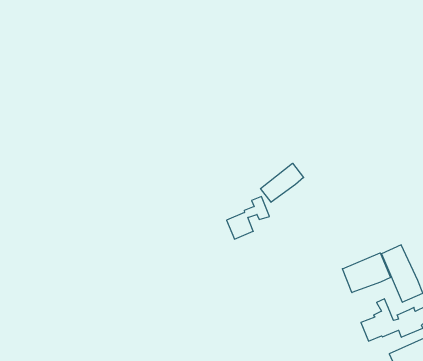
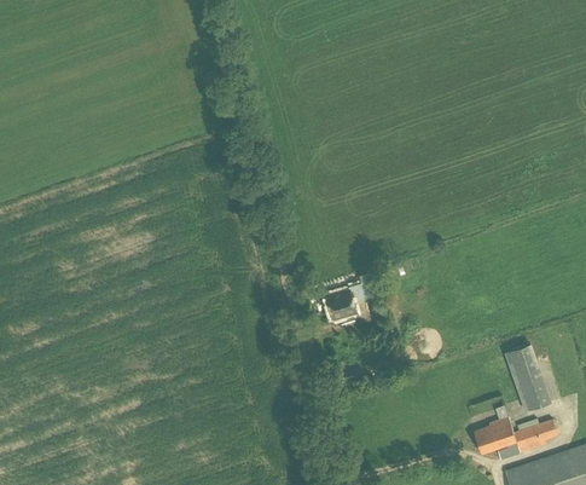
building: [261,163,304,202] -> none
building: [342,253,390,293] -> none

